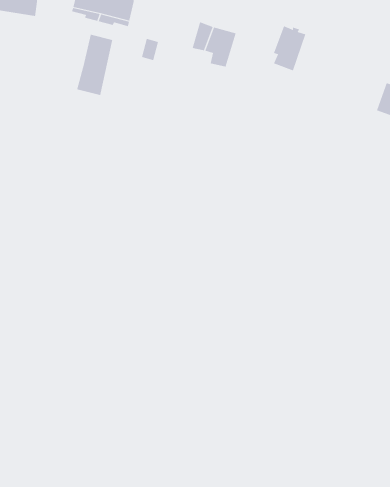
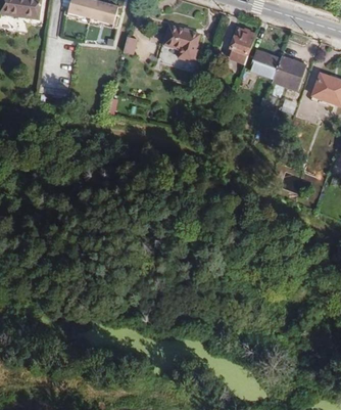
building: [77,34,113,96] -> none
building: none -> [249,50,305,90]

